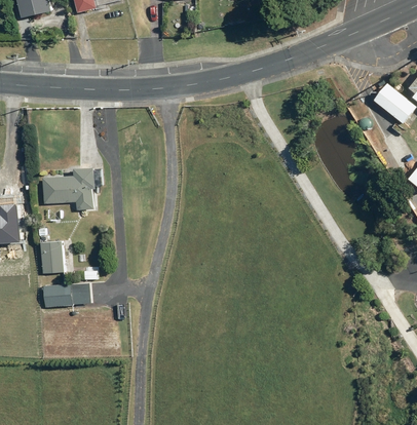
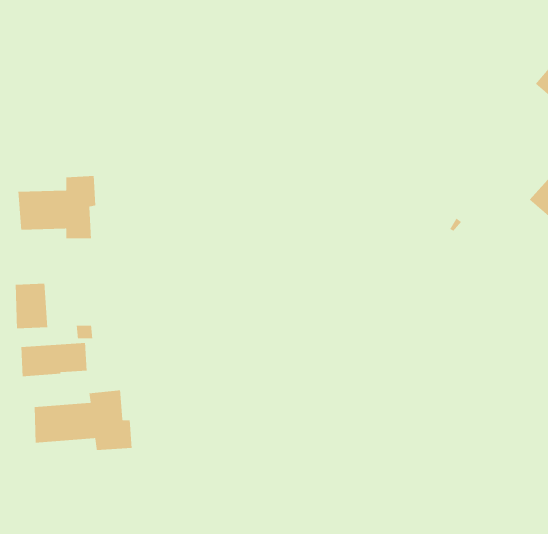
building: [369,85,411,125] -> none
building: none -> [34,390,132,451]

